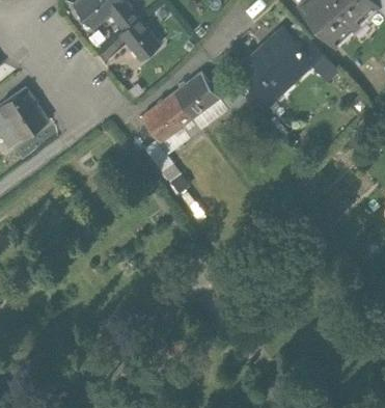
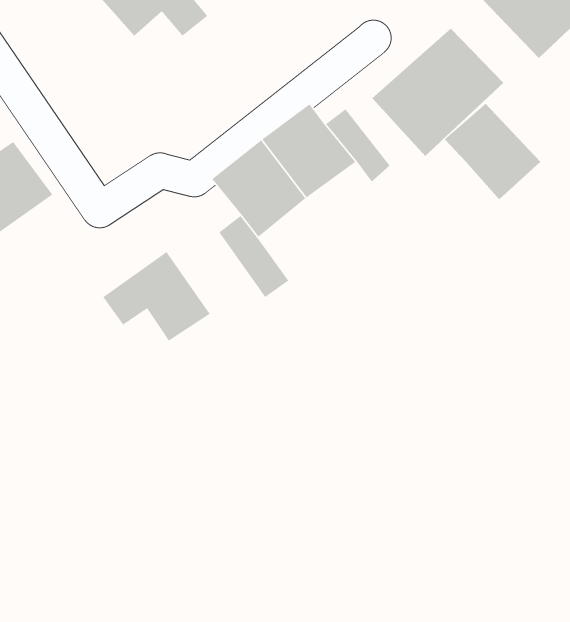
building: [116,20,160,63] -> none
building: none -> [444,103,541,200]
building: none -> [102,251,211,341]

